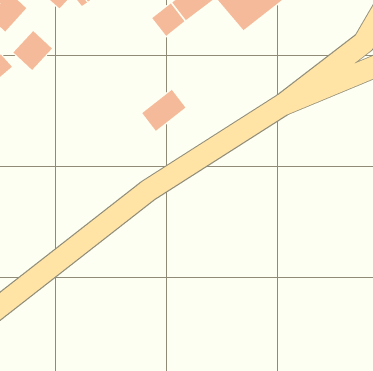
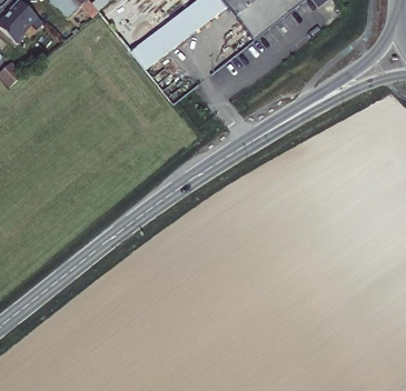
building: [12,30,53,71] -> none
building: [141,89,187,132] -> [131,24,177,68]

